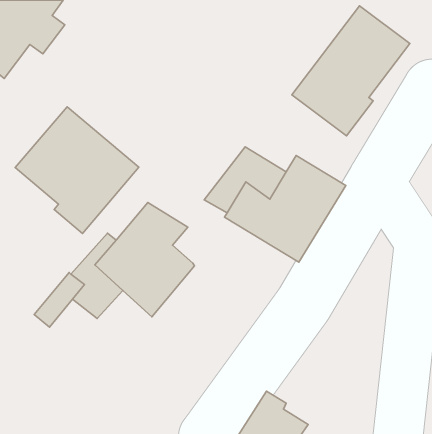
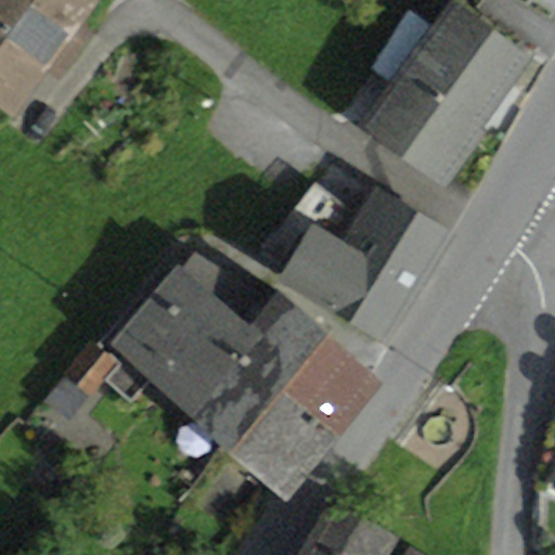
building: [15,107,139,233] -> none
building: none -> [193,298,367,486]

